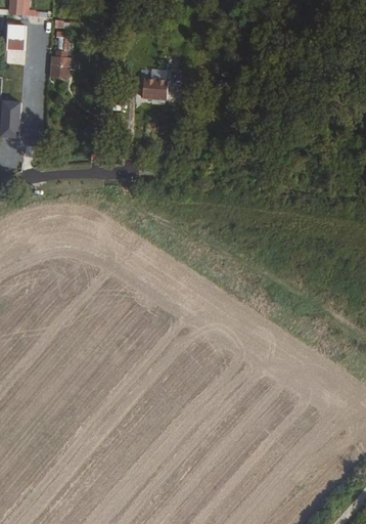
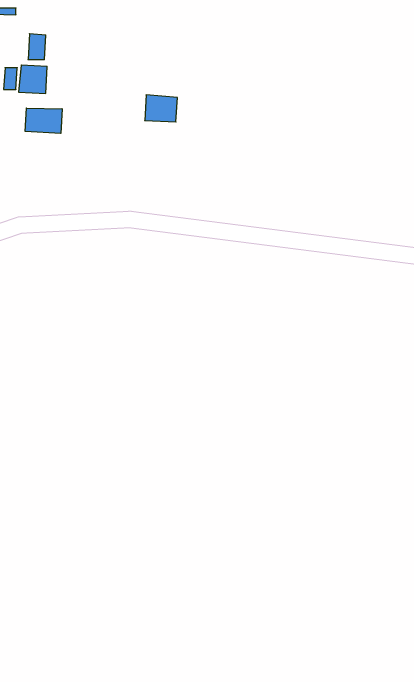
building: none -> [25,108,62,133]

